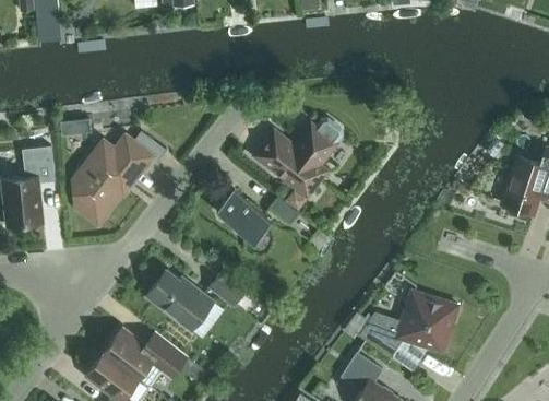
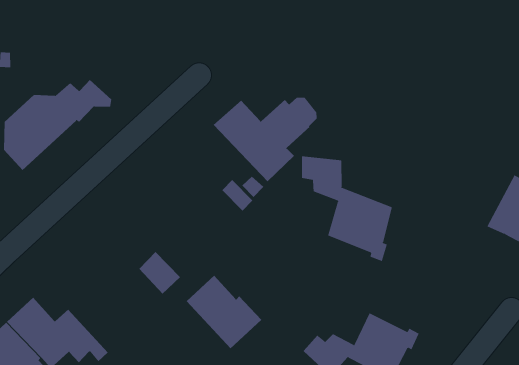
building: none -> [295,155,392,262]
building: [216,190,271,240] -> none
building: [146,270,214,331] -> [186,275,262,349]

